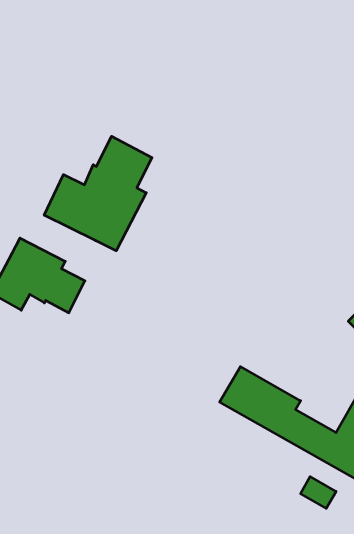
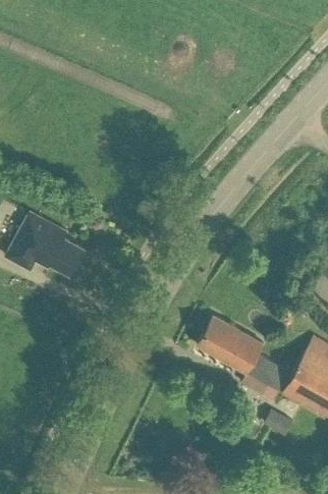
building: [44,136,152,251] -> none

